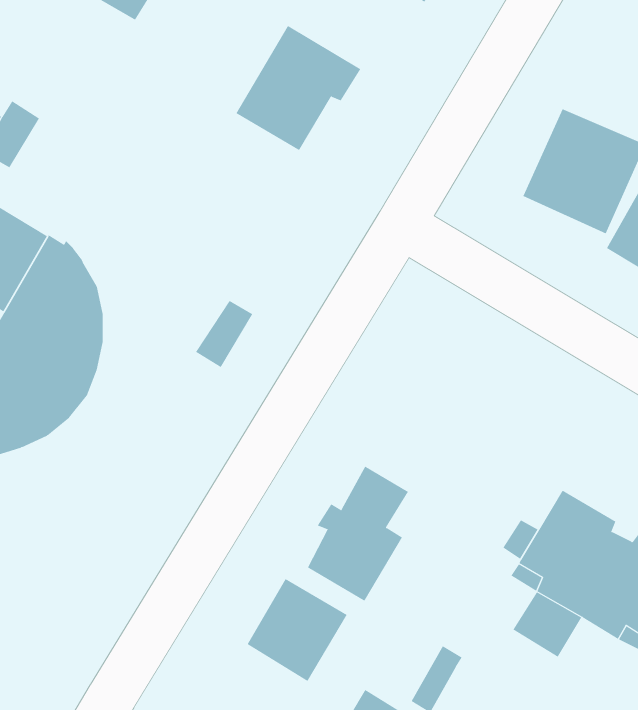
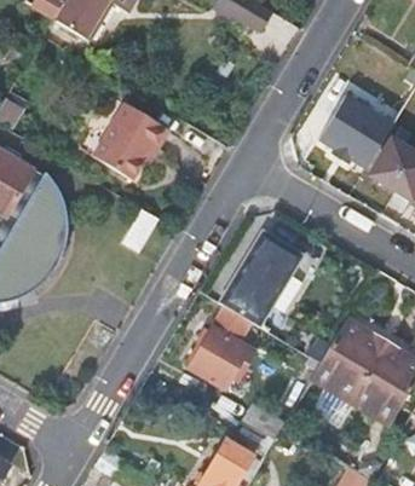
building: [236,25,361,151] -> [94,100,171,177]
building: none -> [220,232,300,325]
building: [247,578,347,682] -> none

